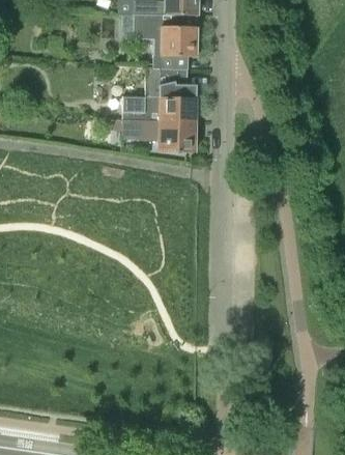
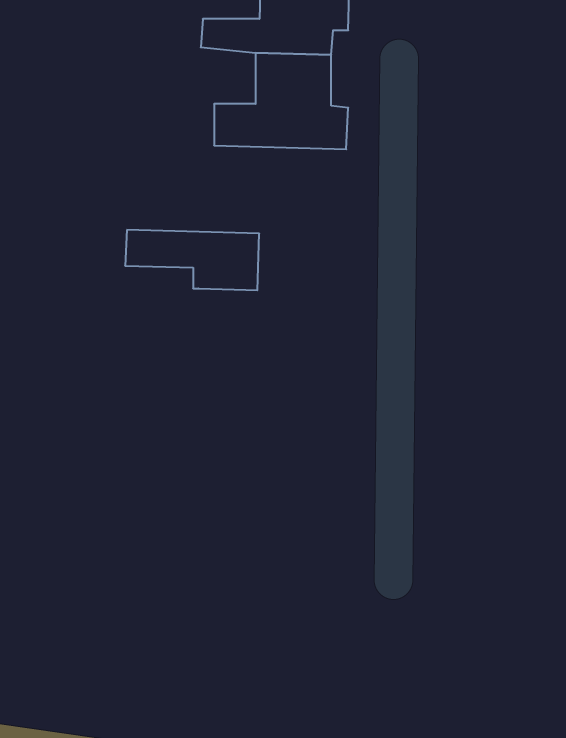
building: [122,119,196,152] -> [125,230,259,290]

